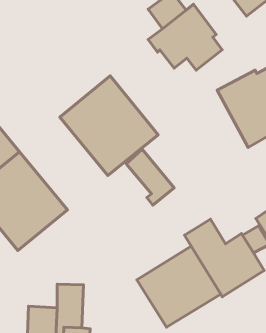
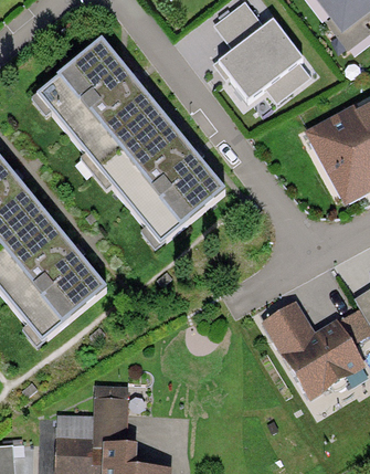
building: none -> [36,36,163,166]
building: [126,149,174,205] -> none
building: [137,246,221,327] -> none

